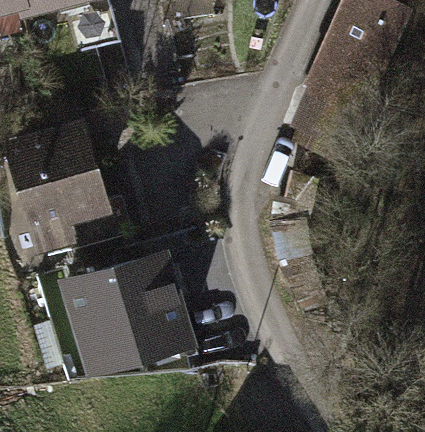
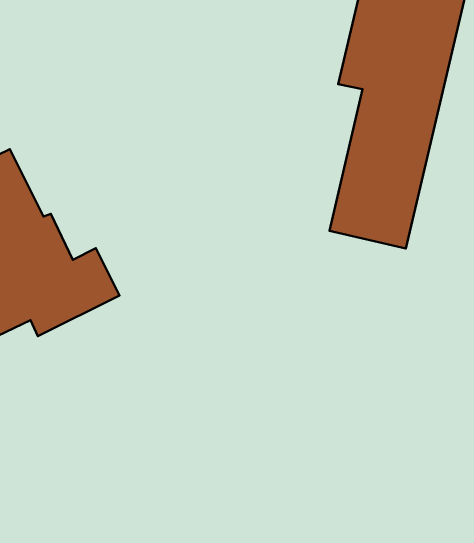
building: [63,252,184,352] -> none

